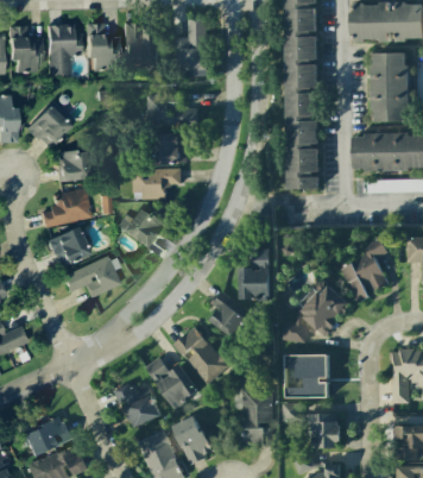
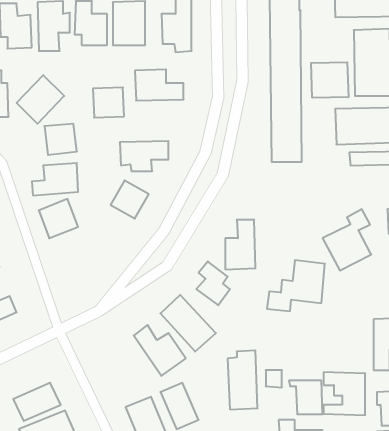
building: none -> [311,62,348,98]
building: [156,133,188,164] -> [93,87,124,118]
building: [63,256,120,297] -> none
building: [286,354,329,398] -> [324,372,365,415]
building: [116,383,160,428] -> none

